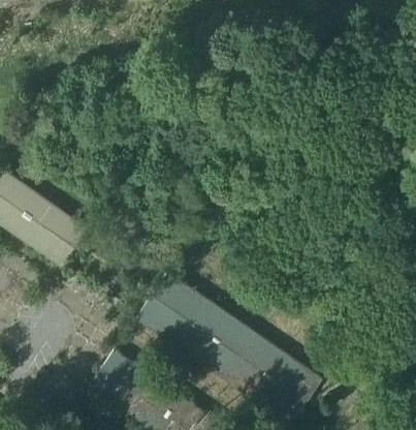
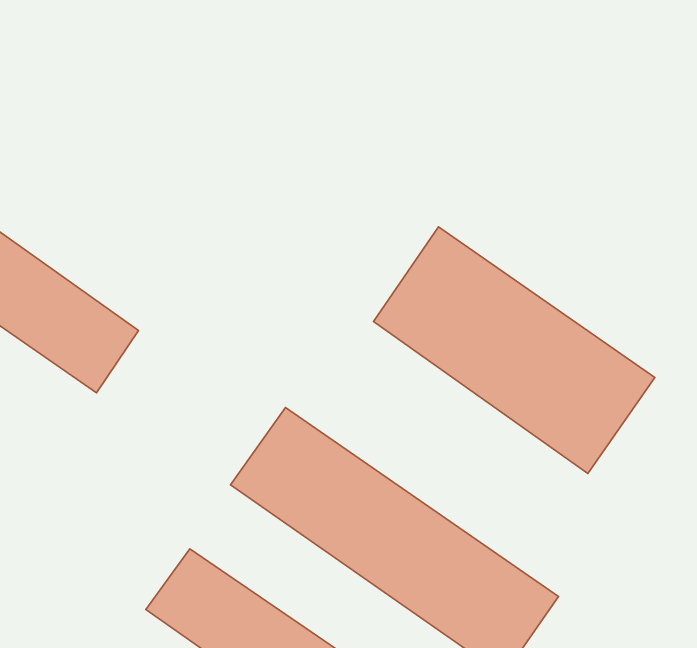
building: none -> [374,227,655,473]

